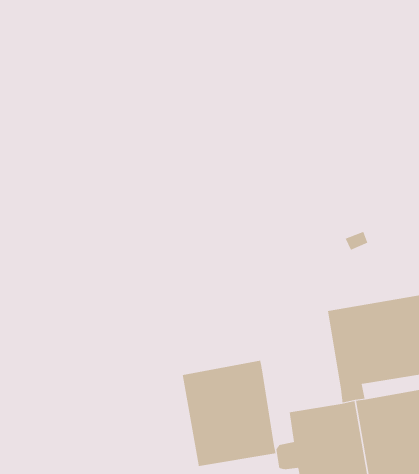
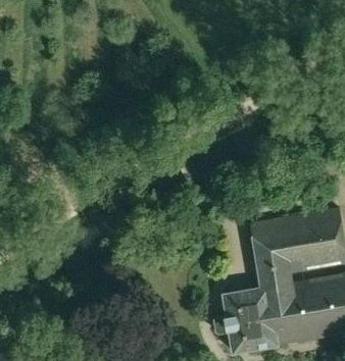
building: [182,360,276,467] -> none

